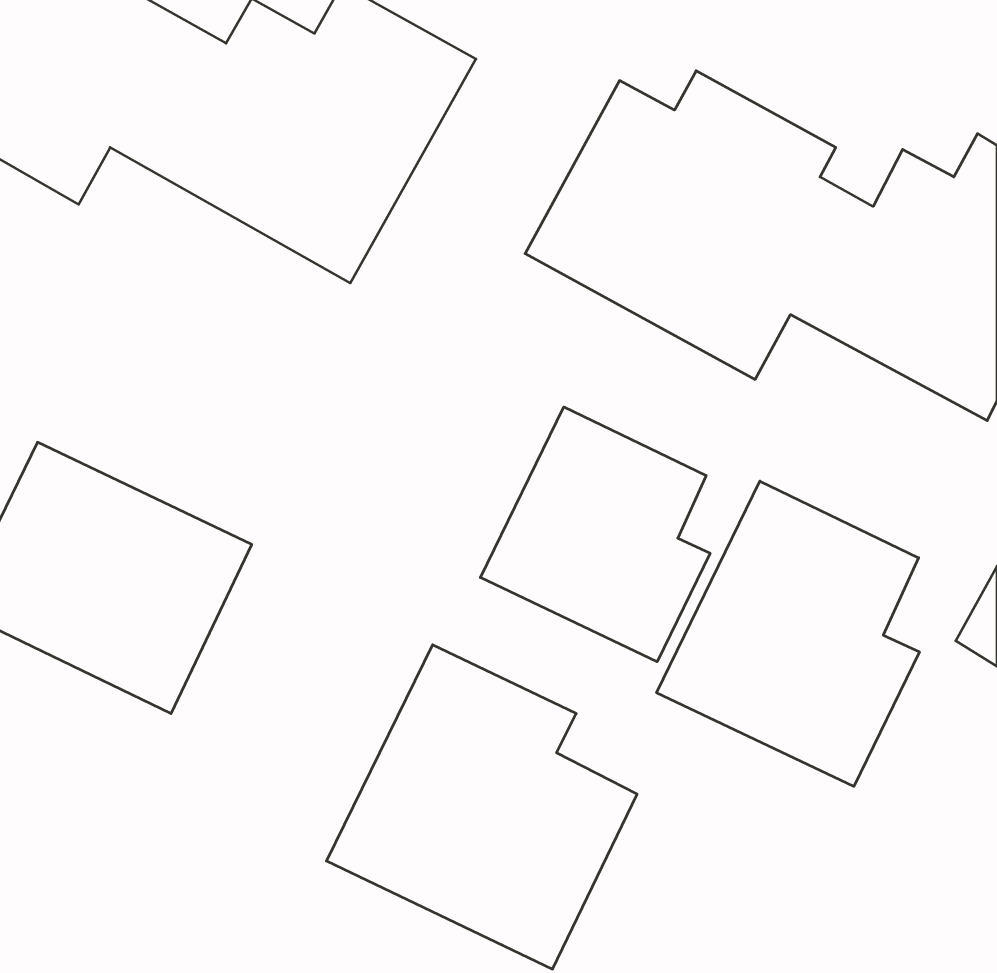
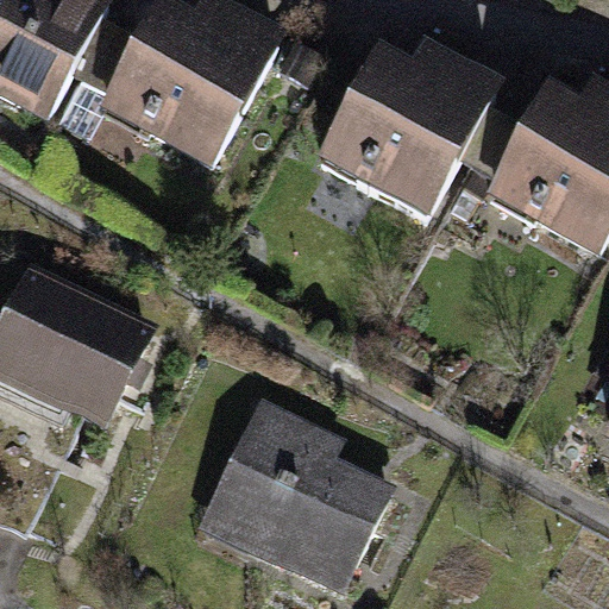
building: [480,407,710,662] -> none
building: [657,481,919,786] -> none

